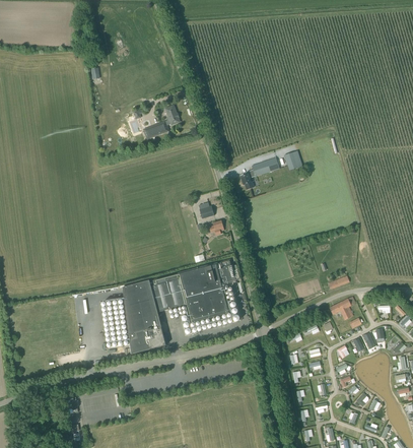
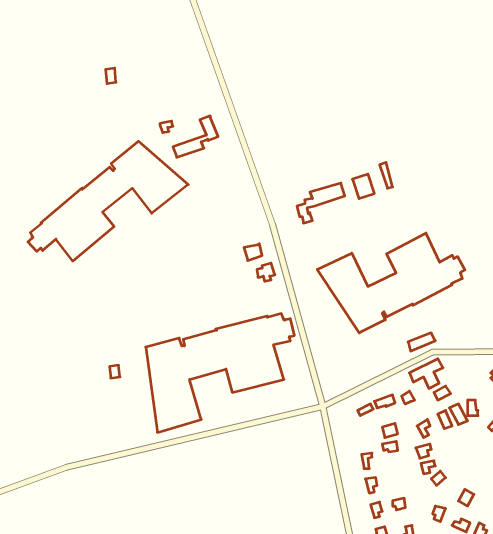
building: none -> [28,141,188,261]
building: none -> [317,233,465,333]

